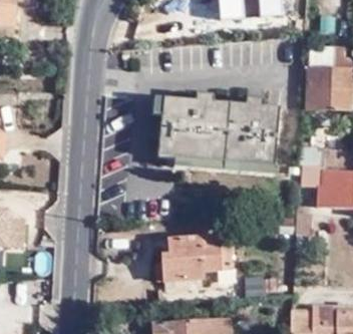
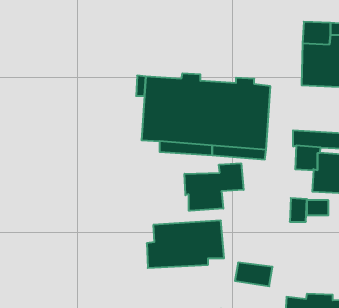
building: none -> [185,163,244,211]

